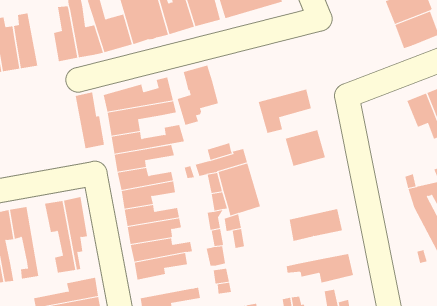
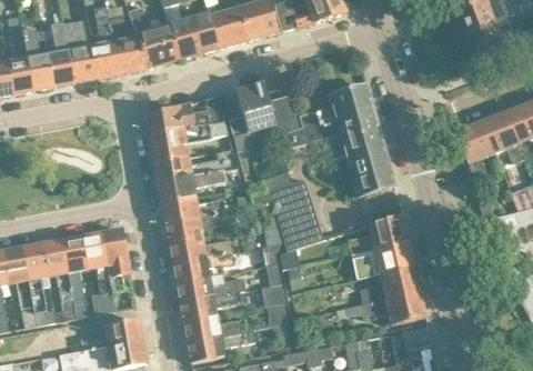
building: none -> [269,84,373,134]
building: [75,92,105,149] -> [63,20,97,83]
building: none -> [462,122,496,179]
building: none -> [343,131,385,164]
building: none -> [350,214,408,254]
building: none -> [62,237,88,318]
building: none -> [360,267,420,303]
building: none -> [184,315,247,342]

